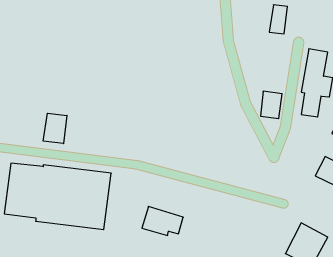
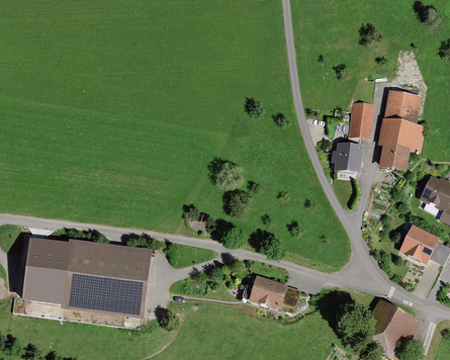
building: [269,5,287,34] -> [351,102,373,138]
building: [43,113,67,144] -> none
building: [142,206,183,235] -> [248,276,298,311]

